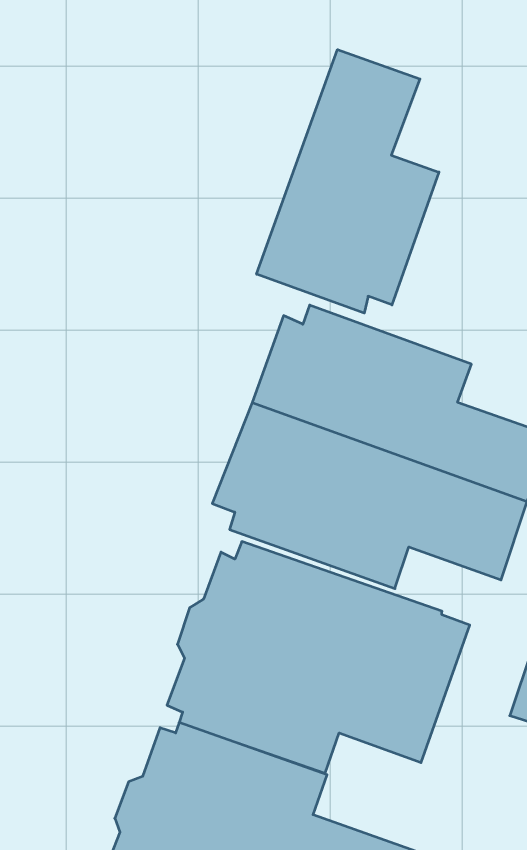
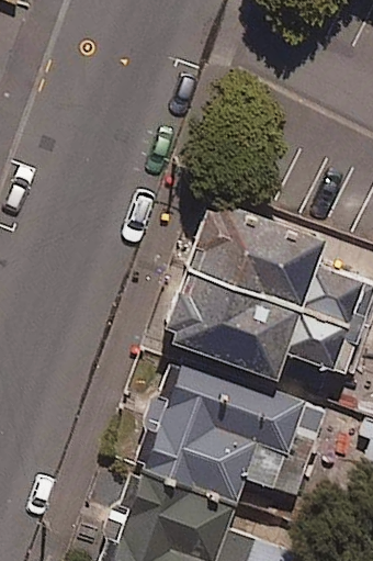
building: [257,50,439,313] -> none

